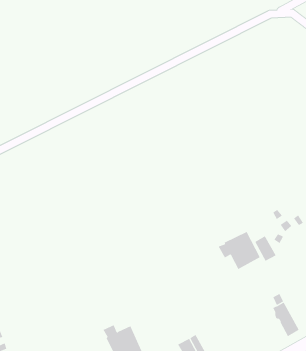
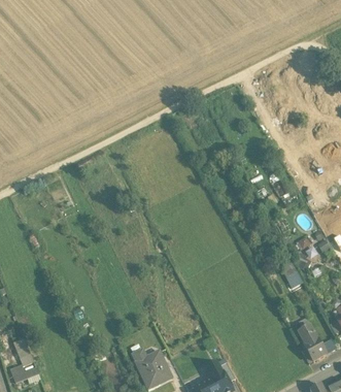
building: [218,231,261,270] -> none

